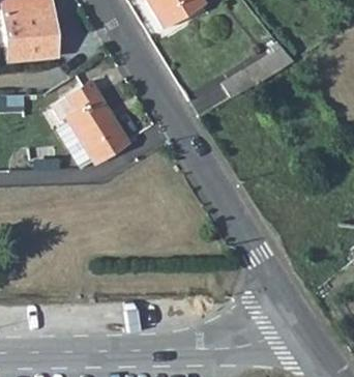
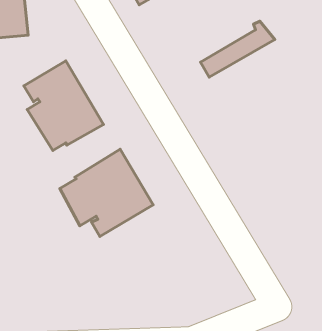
building: none -> [60,149,153,236]

